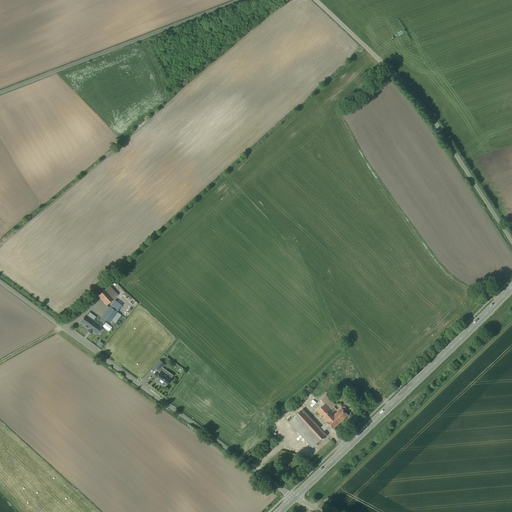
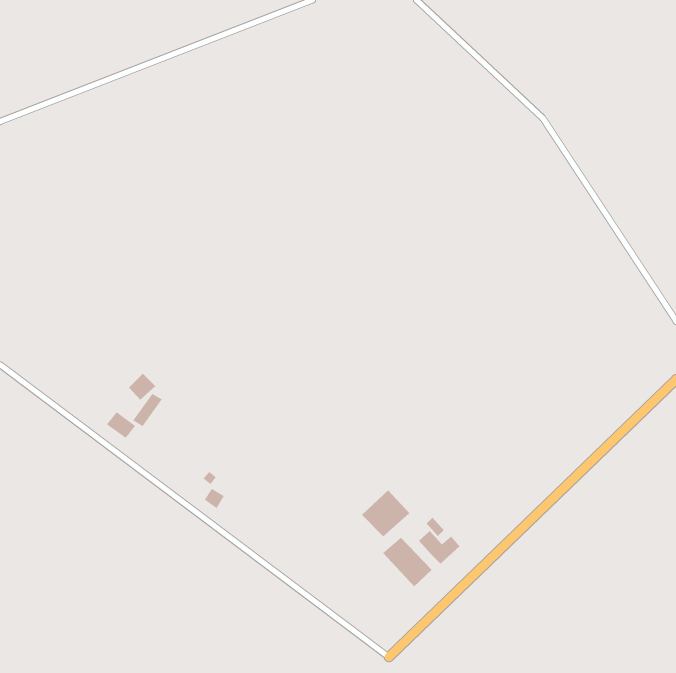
building: none -> [361,489,410,537]

